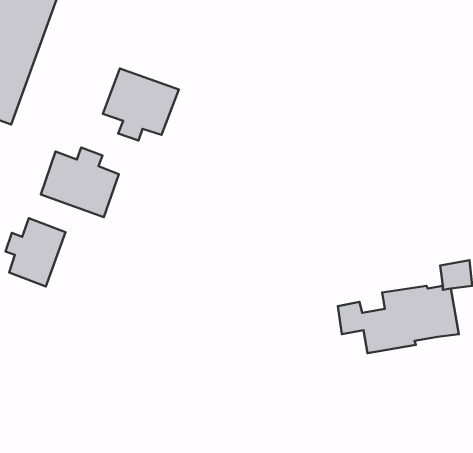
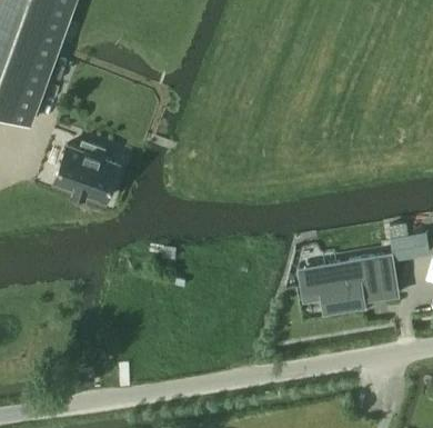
building: [103,68,179,140] -> none
building: [5,218,66,286] -> none

